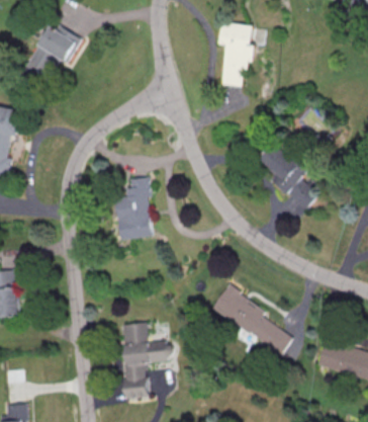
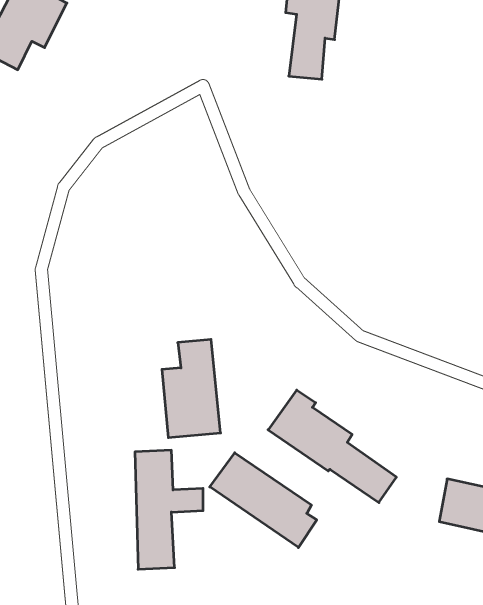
building: [260,141,319,209] -> none
building: [115,176,153,239] -> [162,339,221,438]
building: none -> [210,453,317,548]

